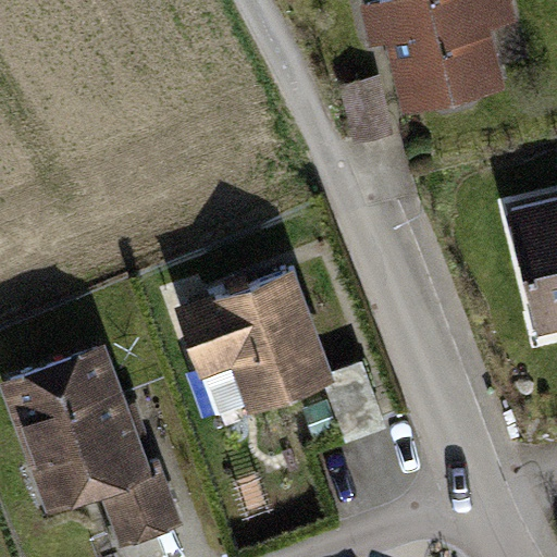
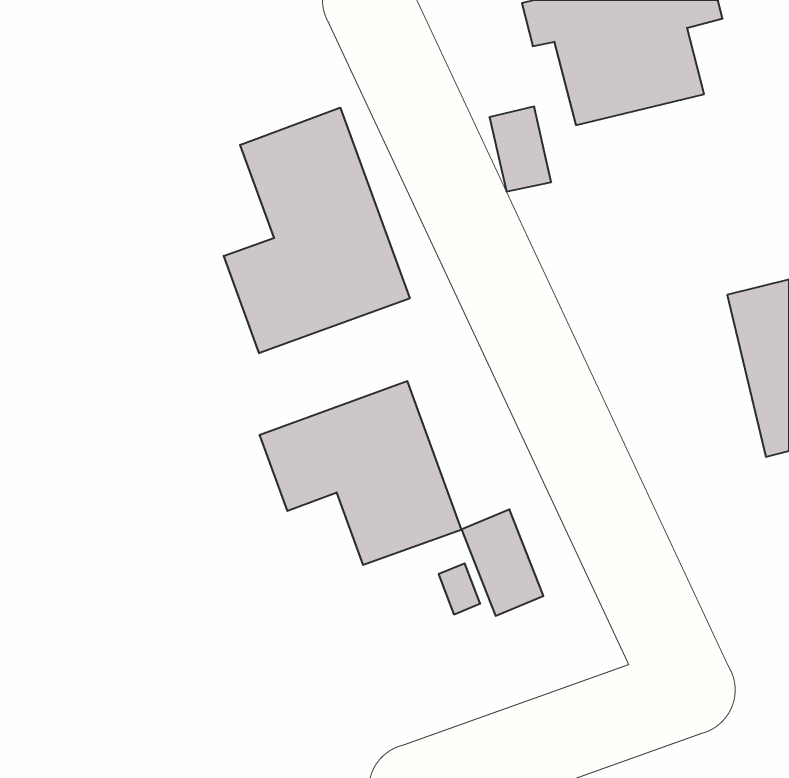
building: none -> [224,108,410,353]
building: [11,354,180,545] -> none

